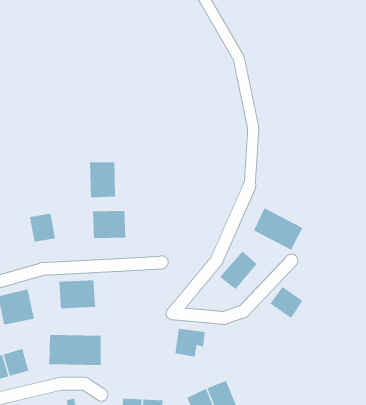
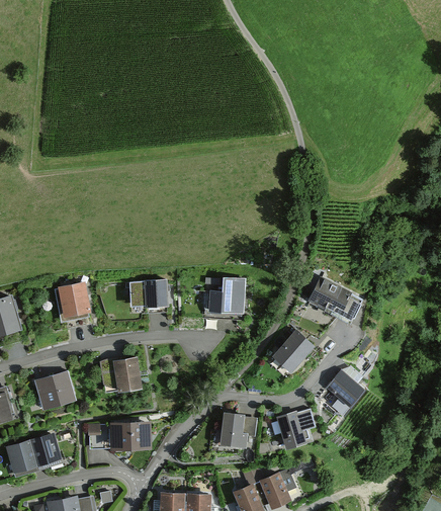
building: [90,162,116,198] -> none
building: none -> [206,279,247,318]
building: none -> [280,408,317,442]

